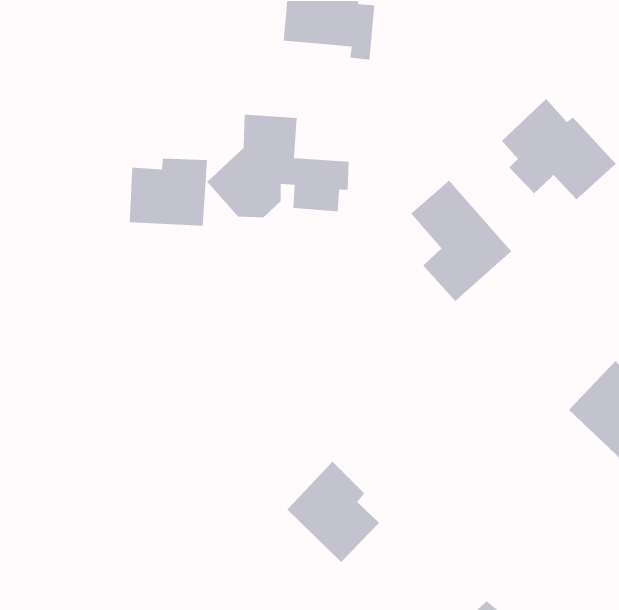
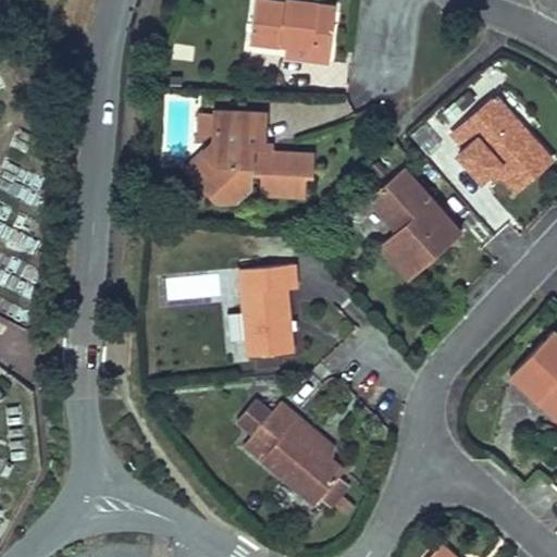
building: [129,158,208,226] -> none
building: none -> [243,261,301,357]
building: none -> [235,399,299,466]

